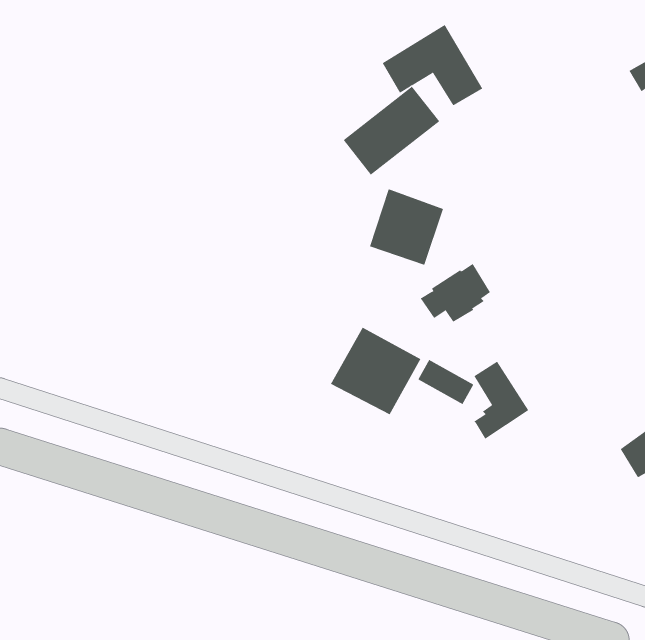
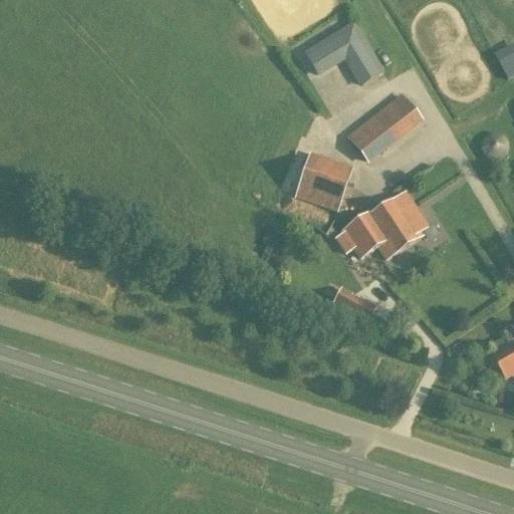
building: [343,86,440,176] -> [346,91,424,163]
building: [330,327,421,415] -> none
building: [473,361,529,439] -> [376,197,421,259]

